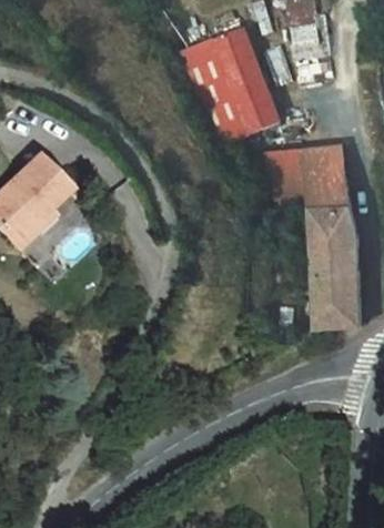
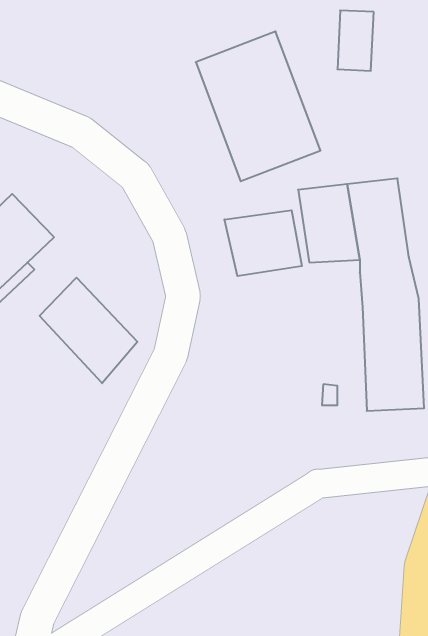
building: none -> [224,210,302,276]
building: none -> [40,278,137,383]

